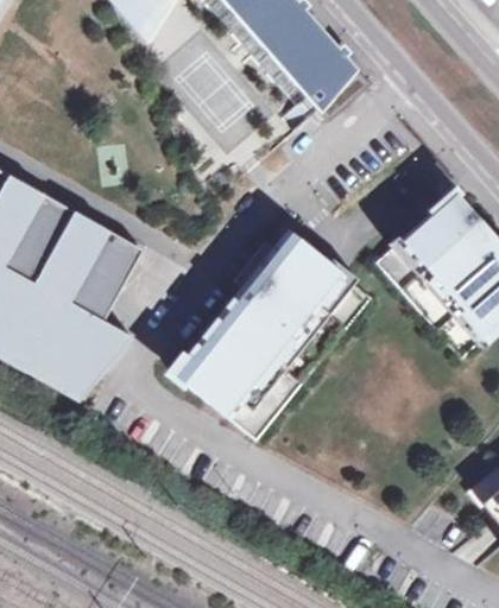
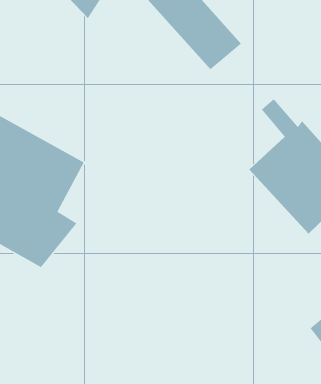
building: [172,229,369,436] -> none

